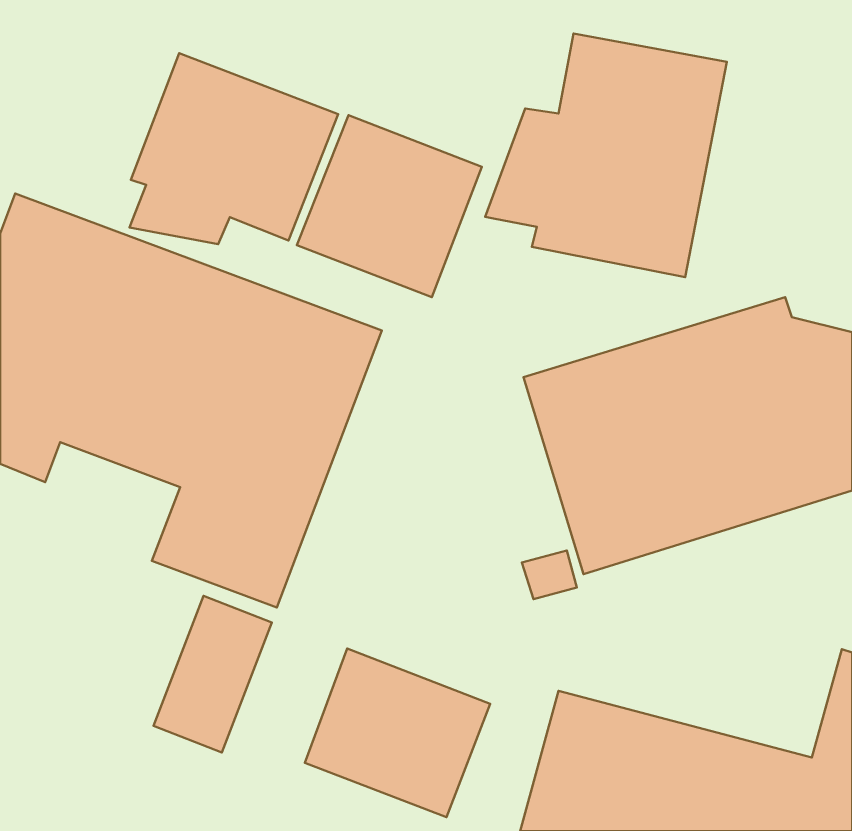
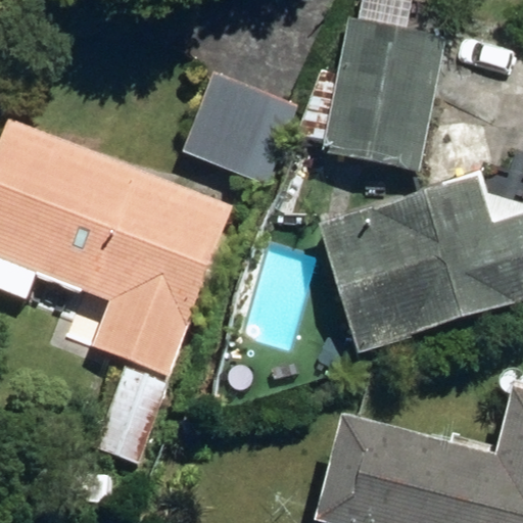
building: [130,53,338,244] -> none
building: [305,648,490,817] -> none

